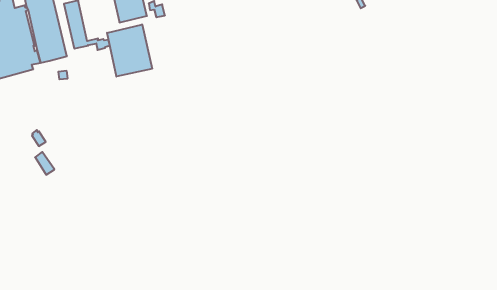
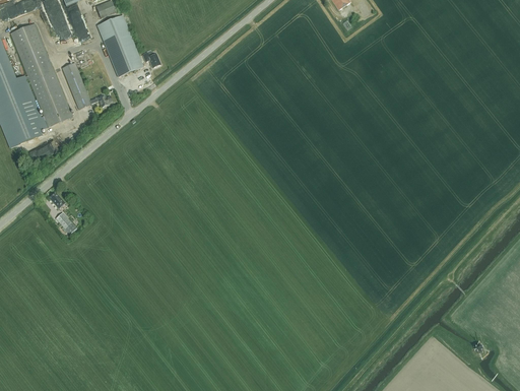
building: [107,24,152,77] -> none

